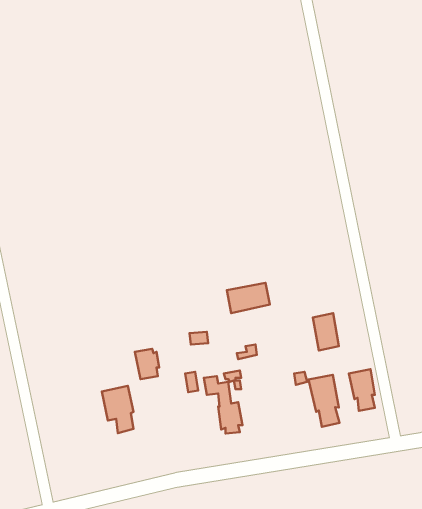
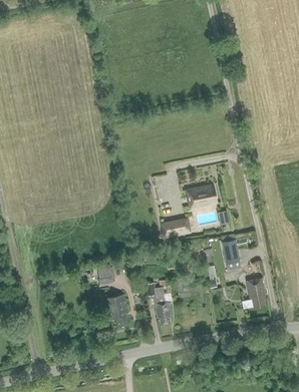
building: none -> [186,184,217,209]
building: [309,375,340,427] -> none
building: [102,386,134,433] -> [105,295,127,328]

